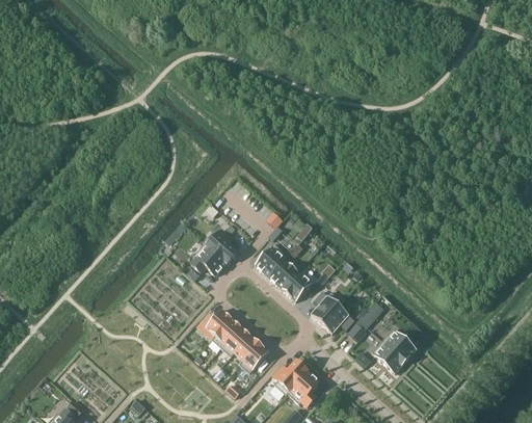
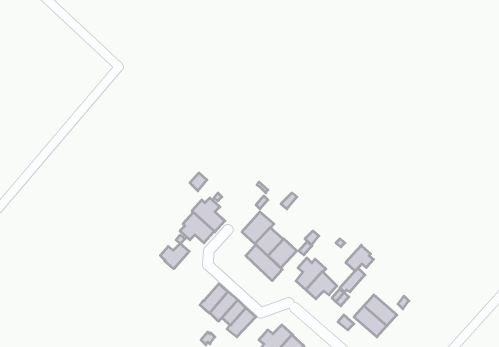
building: none -> [246,245,282,281]
building: none -> [346,245,374,271]
building: [202,309,232,335] -> [160,243,189,268]

